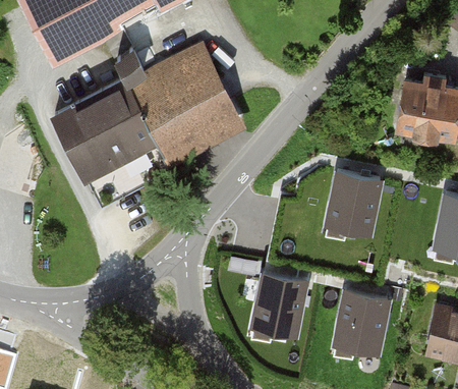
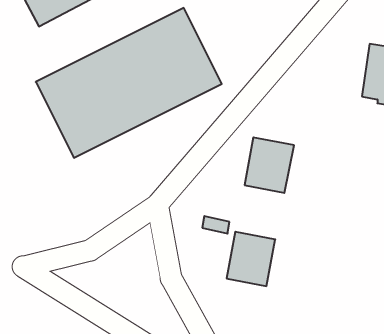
building: [327,173,379,231] -> [245,137,294,193]
building: [335,291,387,349] -> none

